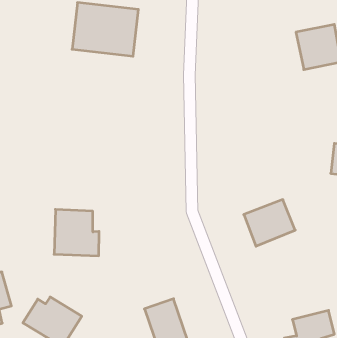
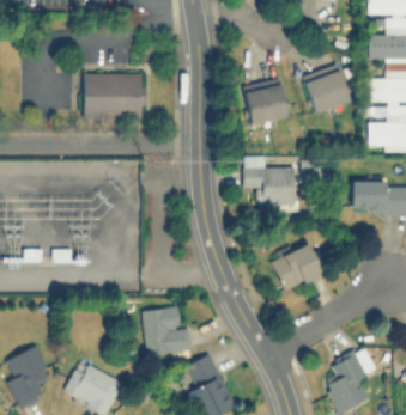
building: none -> [243,79,287,124]
building: none -> [244,157,295,205]
building: [54,209,99,256] -> [143,307,190,354]

